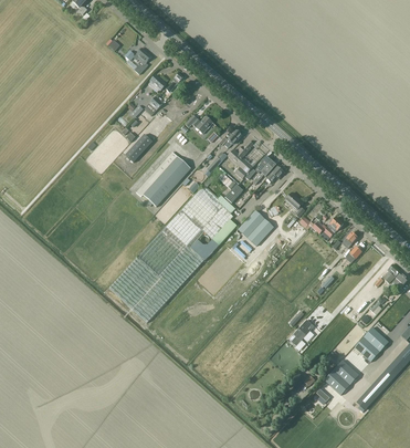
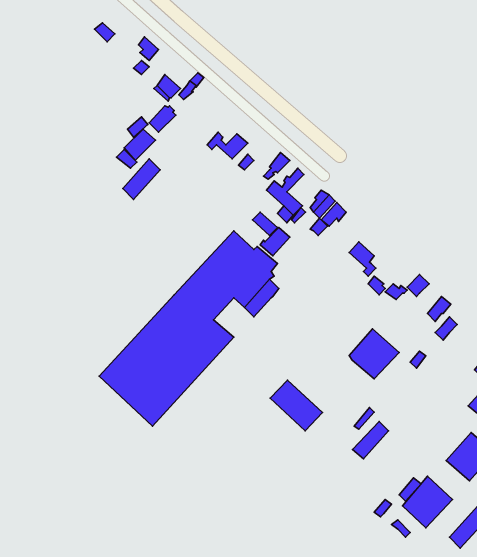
building: [136,150,191,206] -> none
building: [239,209,274,244] -> [349,329,399,379]
building: none -> [270,380,323,431]

